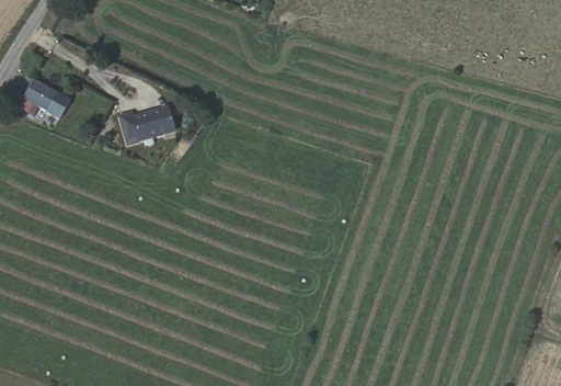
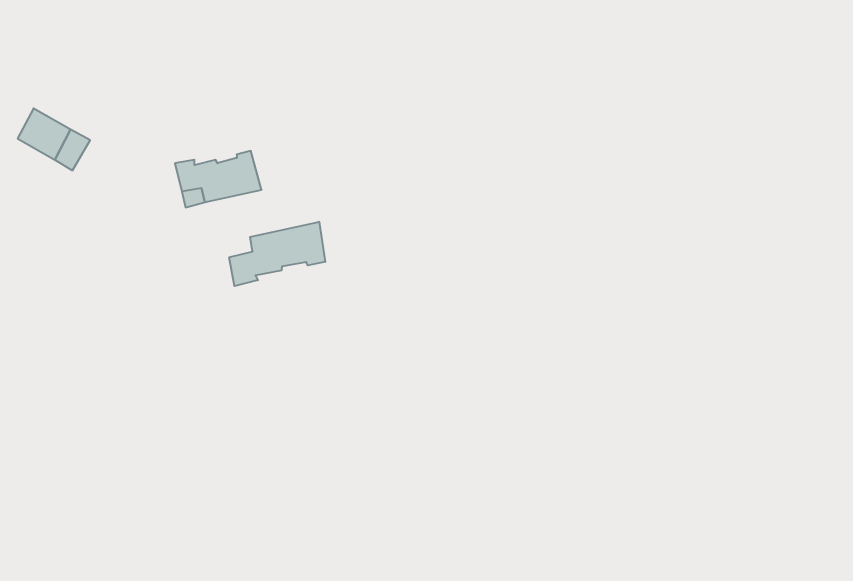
building: none -> [229,222,325,286]

